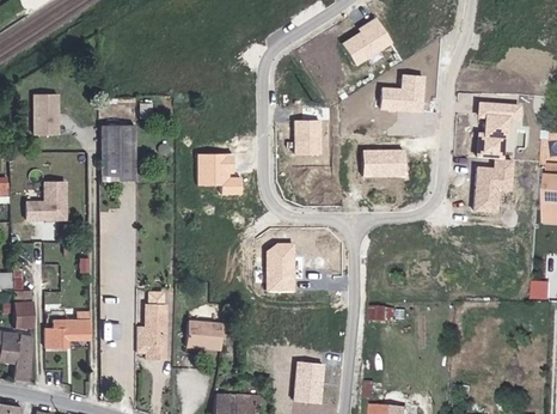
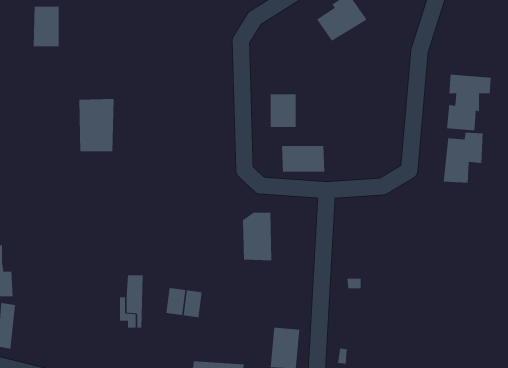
building: [380,73,426,112] -> none
building: [33,90,61,132] -> [33,6,59,47]
building: [362,148,408,176] -> [281,145,325,172]
building: [197,153,243,194] -> none
building: [22,179,66,221] -> none
building: [42,329,86,349] -> none

